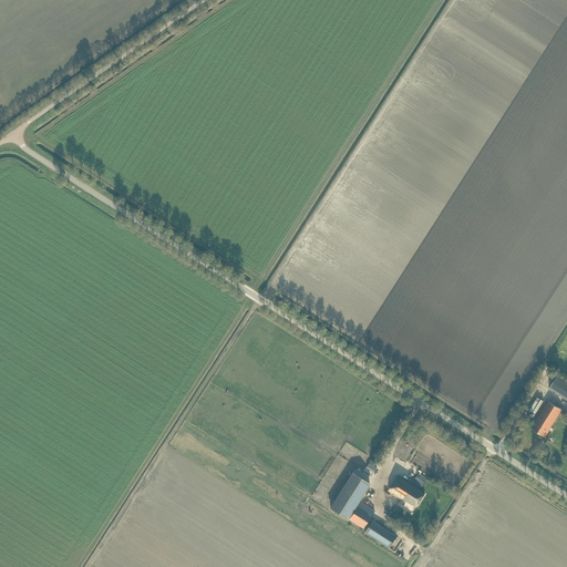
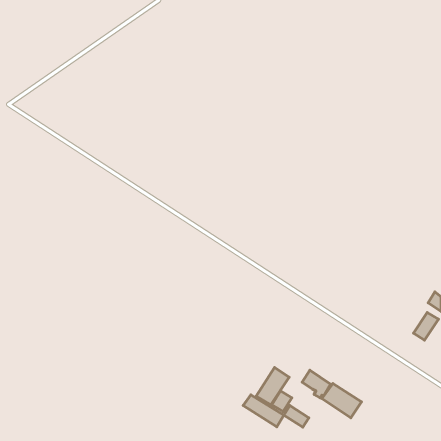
building: none -> [322,383,361,418]
building: none -> [243,395,284,427]

